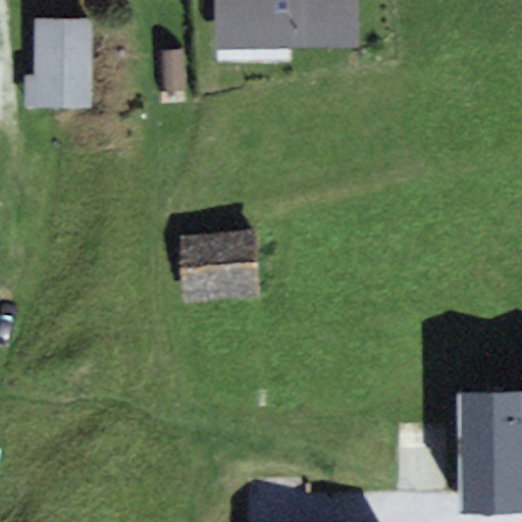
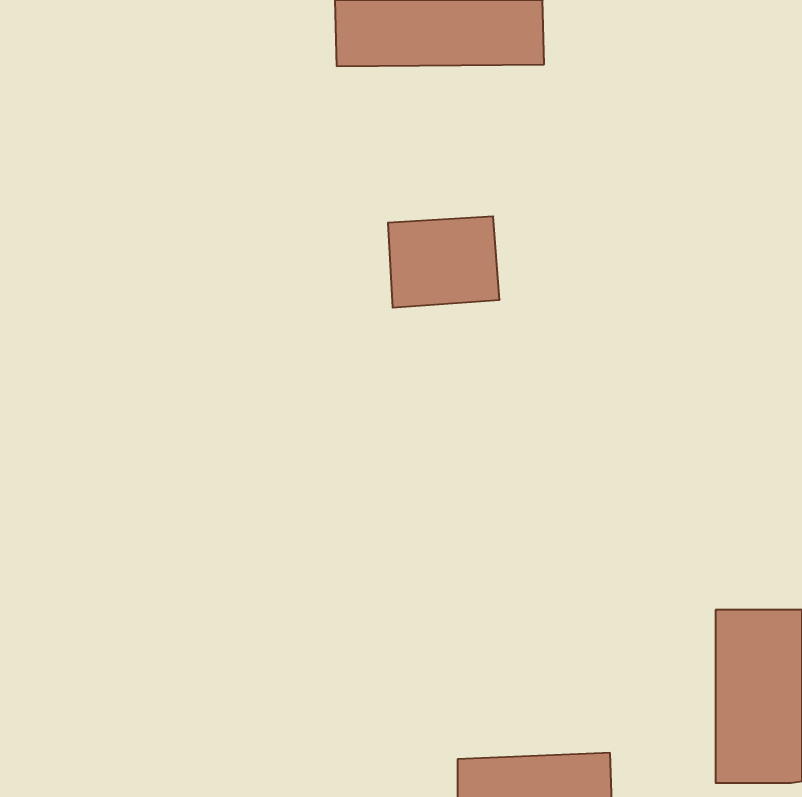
building: [31,11,93,101] -> none
building: [181,241,254,300] -> [388,216,500,308]

